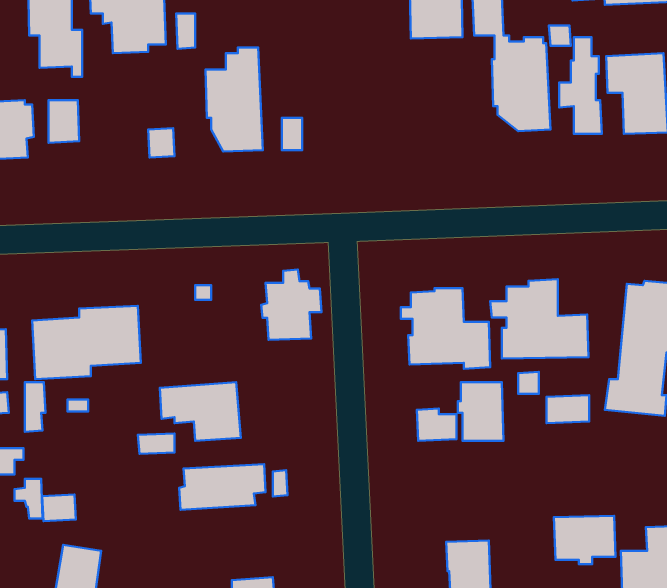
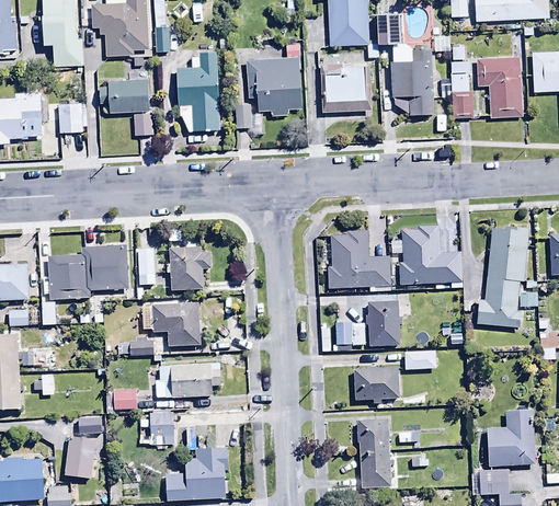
building: none -> [246,42,303,117]
building: none -> [317,53,370,111]
building: none -> [100,79,151,112]
building: [261,270,321,340] -> [167,238,212,290]
building: none -> [139,248,156,285]
building: [547,395,589,423] -> [403,350,435,371]
building: [42,495,76,521] -> [113,390,138,410]
building: [554,516,616,564] -> [353,368,399,404]
building: none -> [149,412,174,446]

